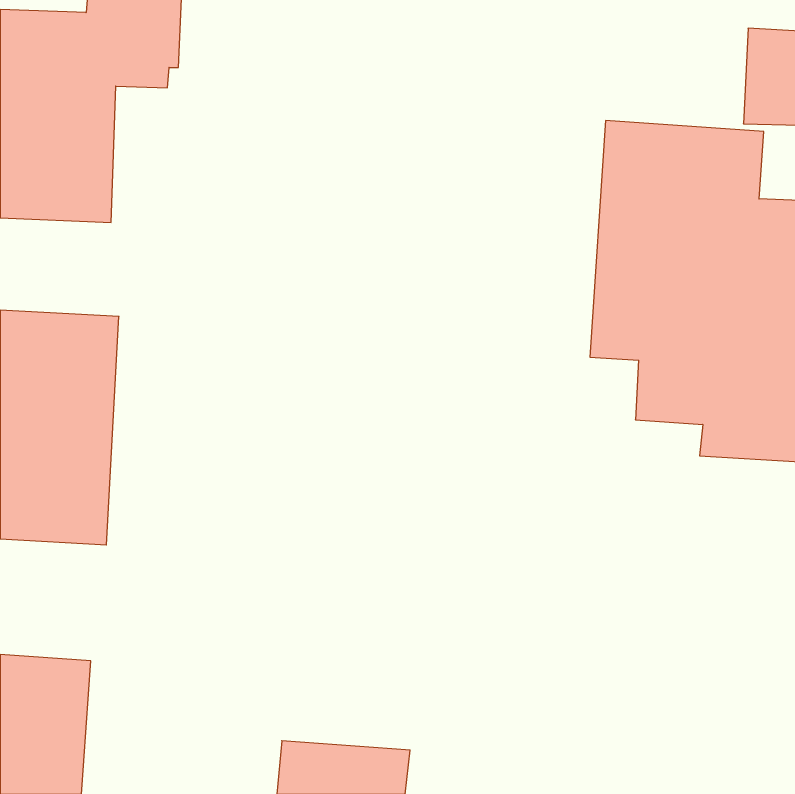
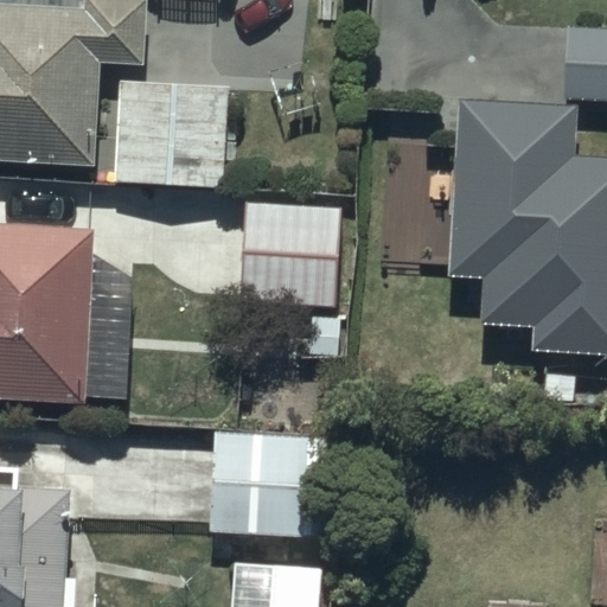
building: none -> [102,82,219,187]
building: none -> [234,189,326,306]
building: none -> [198,436,300,536]

